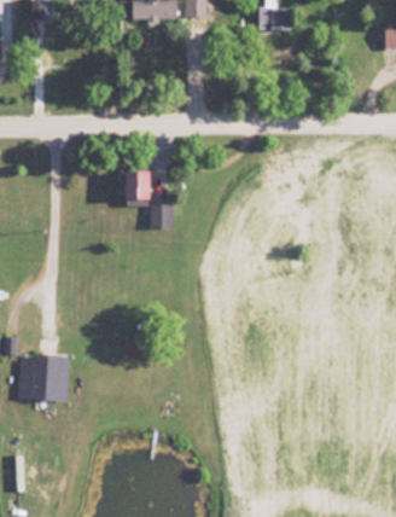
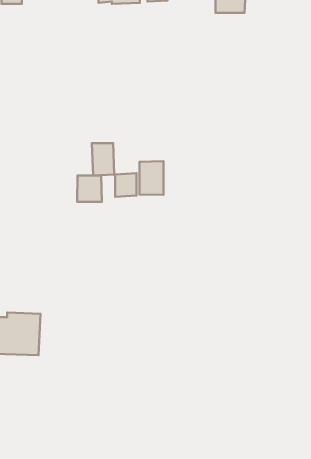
building: none -> [139,161,163,195]
building: none -> [77,175,102,202]

